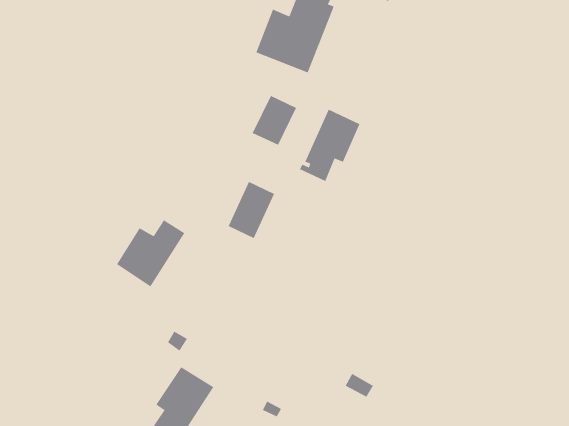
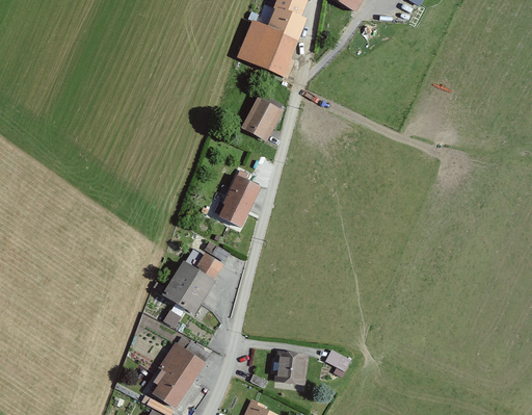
building: [299,109,360,182] -> none
building: [116,219,185,287] -> [160,251,222,312]
building: none -> [274,348,307,383]

